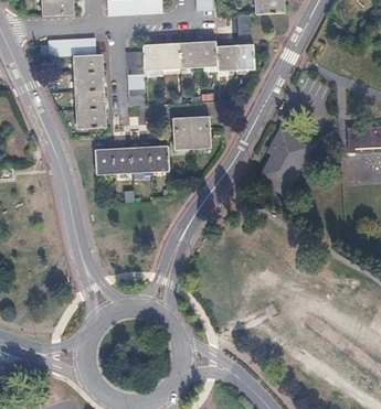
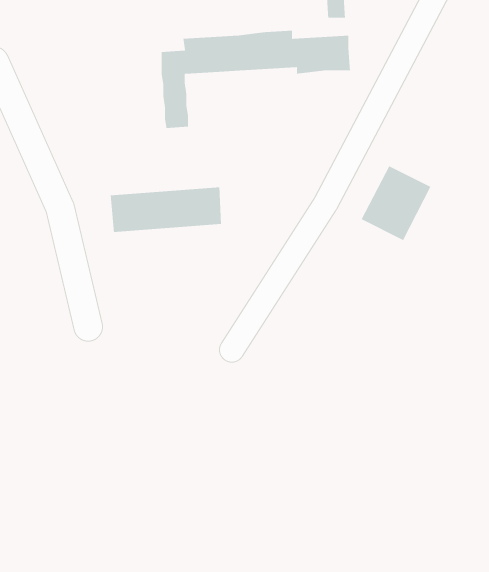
building: [47,40,105,130] -> none
building: [170,115,210,148] -> none

